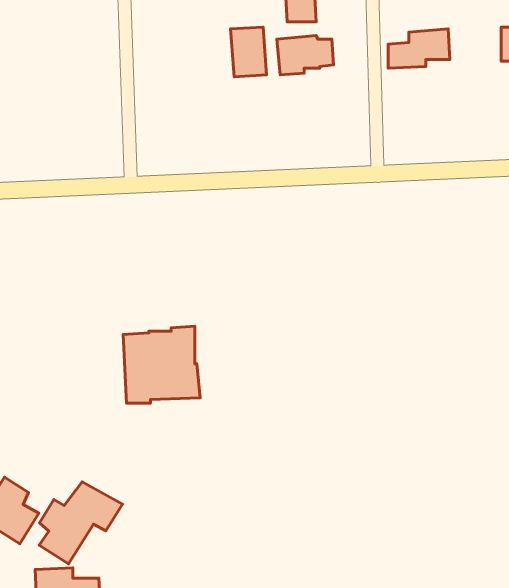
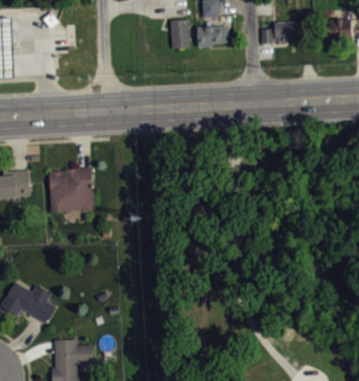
building: [123,326,200,403] -> [49,167,95,212]
building: [39,482,122,564] -> none

